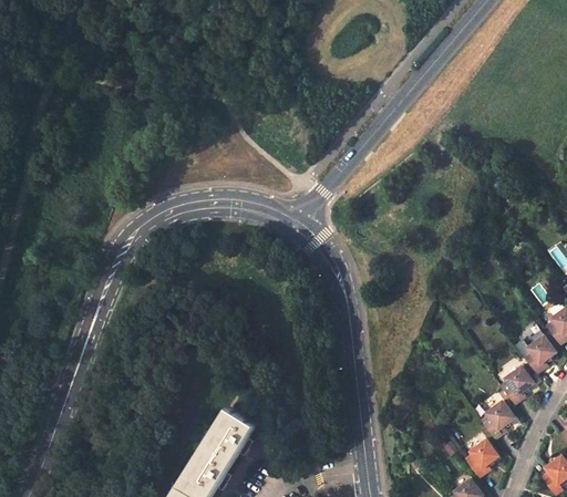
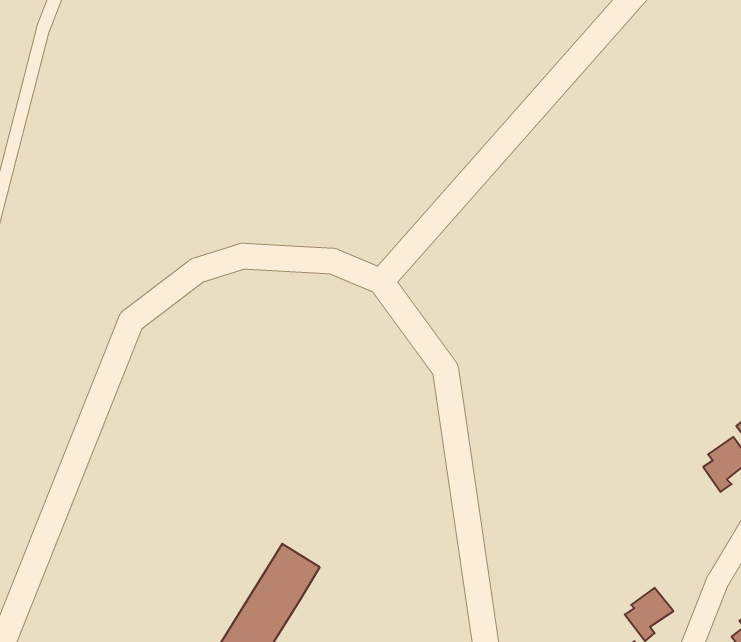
building: [499,363,535,403] -> none
building: [482,400,516,437] -> none

